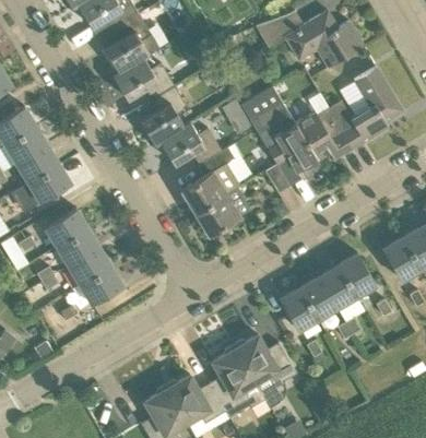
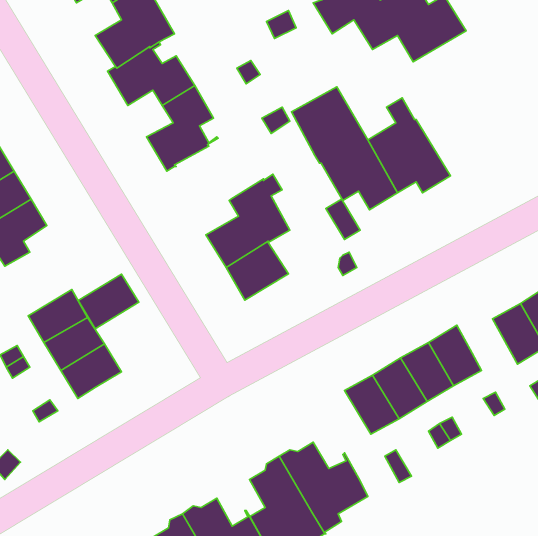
building: [329,67,402,147] -> none
building: [159,121,222,164] -> none
building: [45,208,87,246] -> [78,274,139,329]

